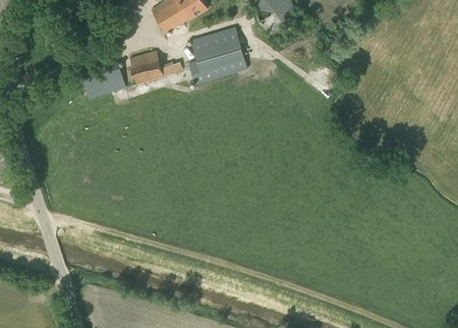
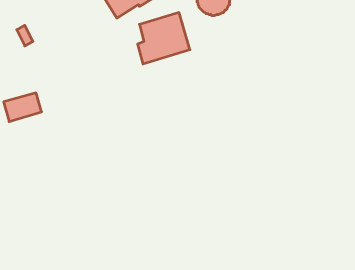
building: [130,50,182,85] -> none
building: [82,66,125,99] -> [4,93,42,122]

